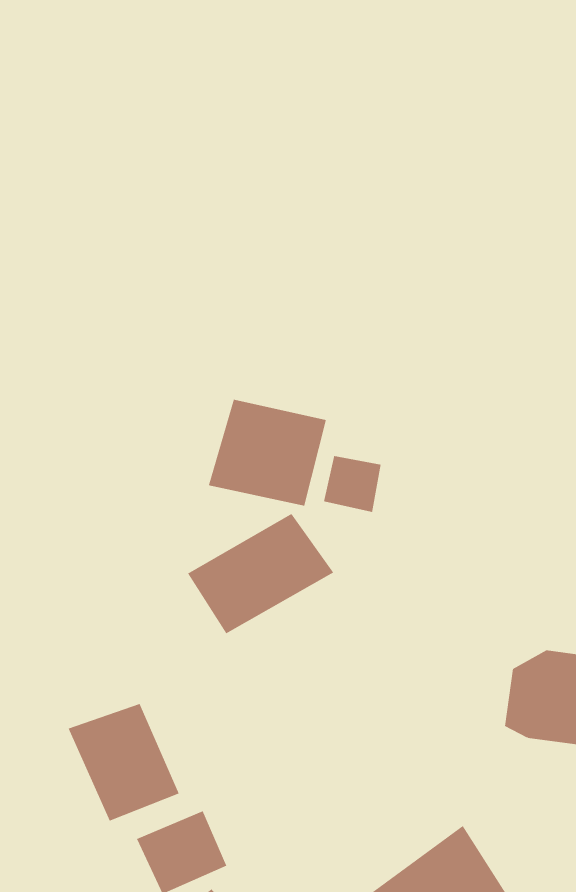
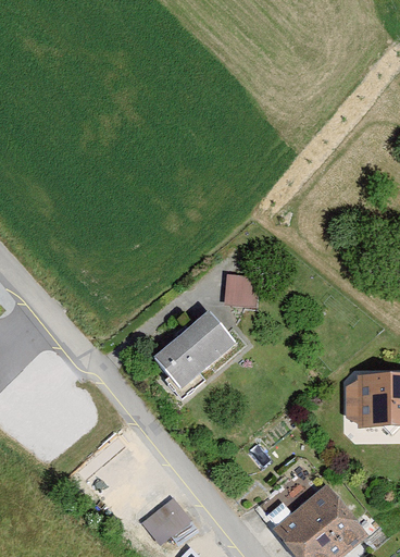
building: [208,399,326,506] -> none
building: [68,703,179,822] -> none

